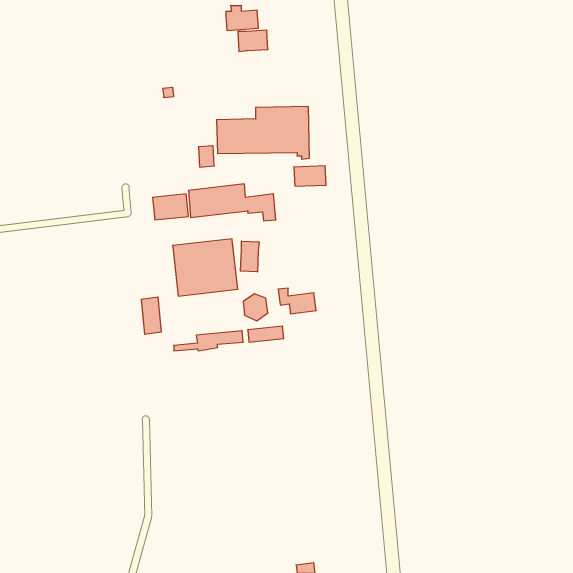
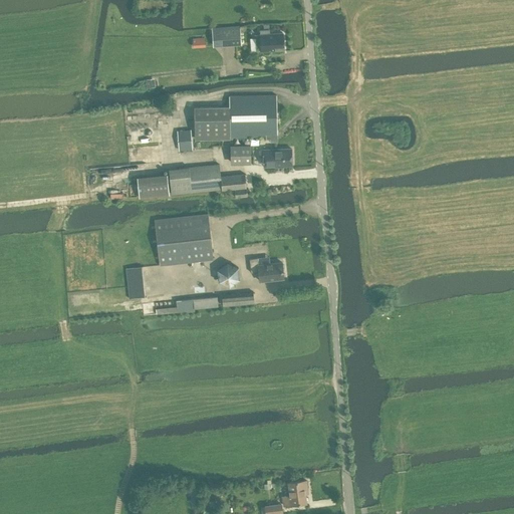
building: [226,6,258,30] -> [255,29,284,51]
building: [240,241,259,272] -> none
building: none -> [282,481,307,506]

